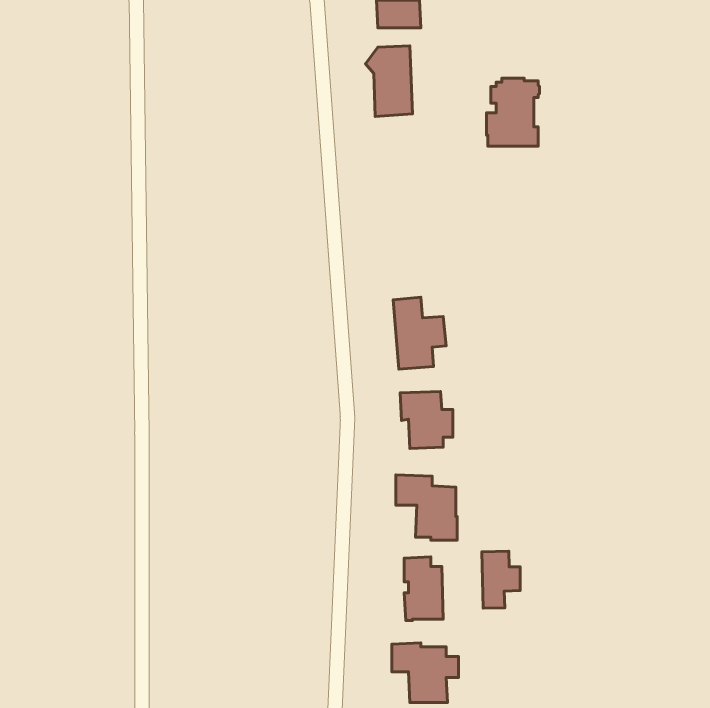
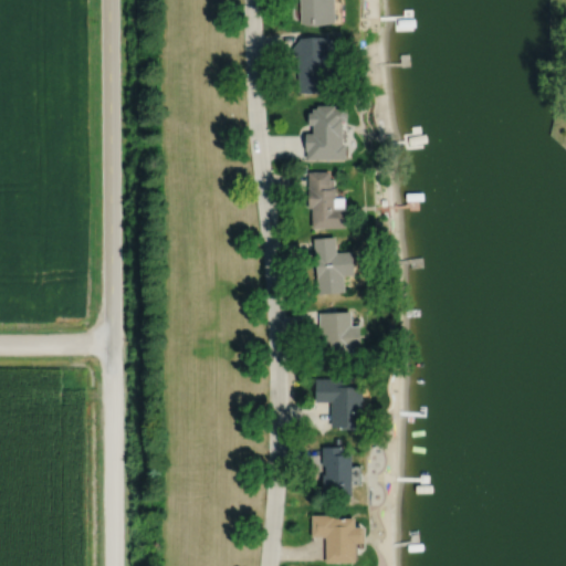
building: [487,78,539,146] -> [305,106,347,160]
building: none -> [307,172,345,229]
building: [482,551,520,608] -> none

